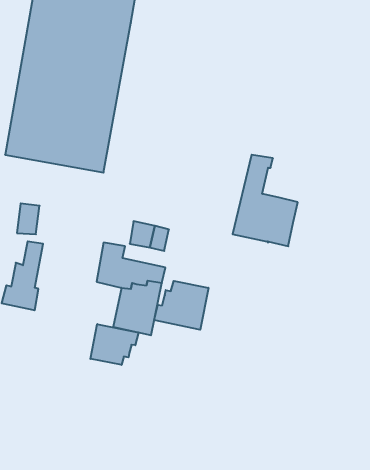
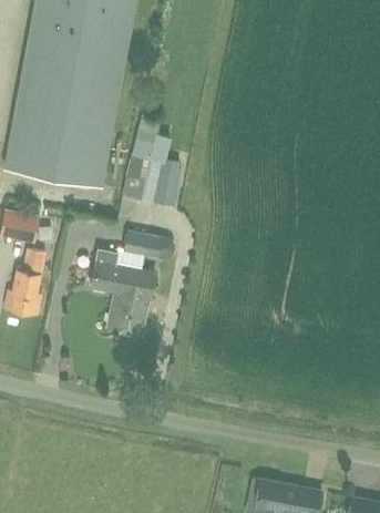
building: [233,155,298,246] -> [122,123,183,208]
building: [154,281,208,330] -> none
building: [90,324,138,365] -> none

